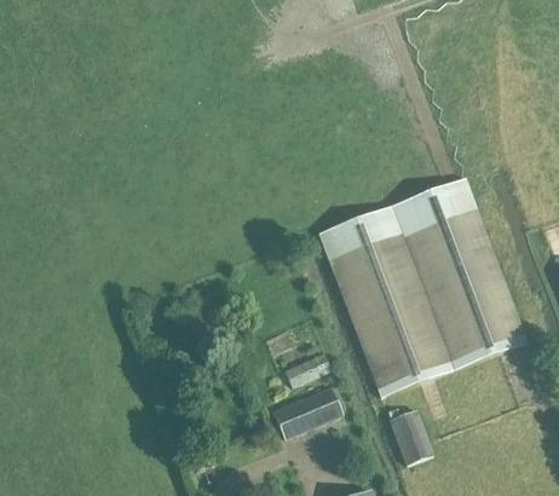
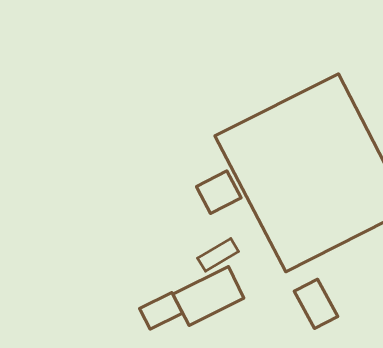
building: none -> [196,171,241,214]
building: none -> [140,292,183,329]

